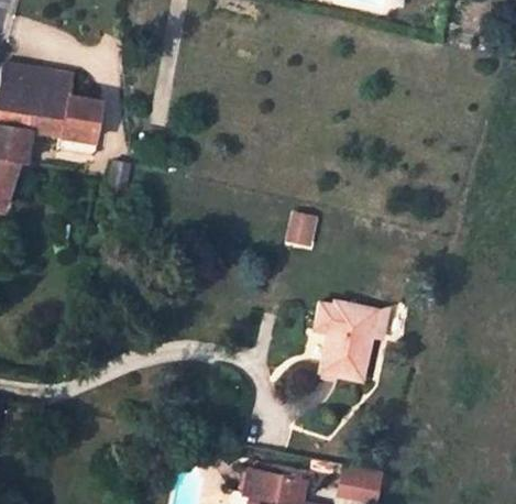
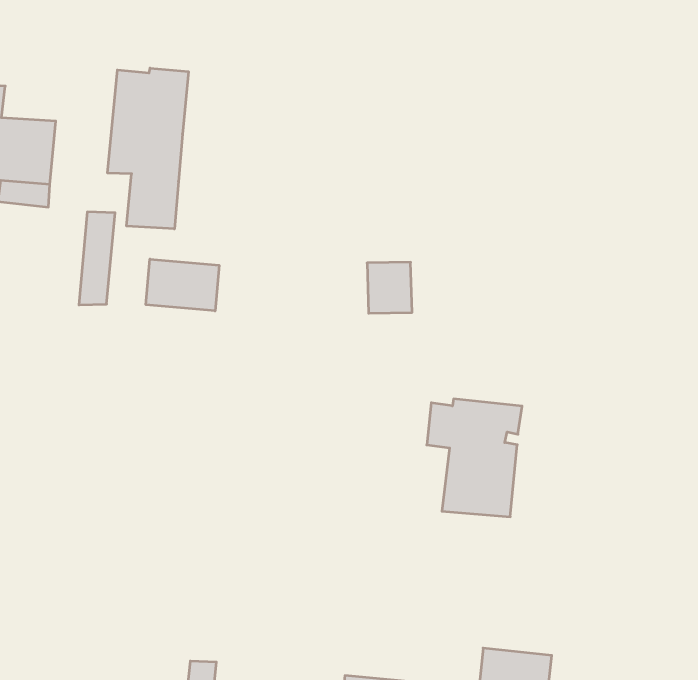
building: none -> [108,68,188,229]
building: none -> [146,259,219,311]

